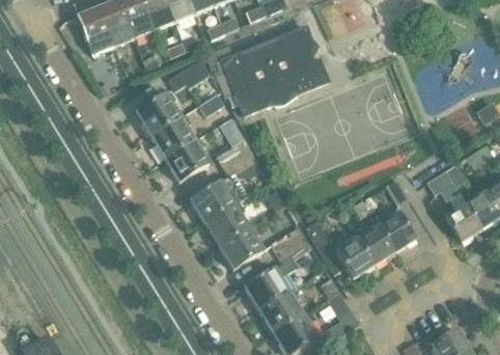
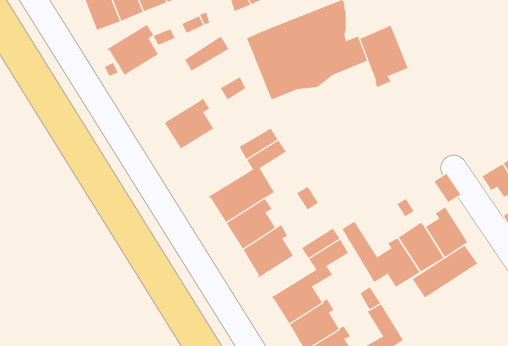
building: none -> [359,25,408,88]
building: [135,89,180,134] -> [106,24,159,76]
building: [165,135,210,181] -> none
building: none -> [412,245,478,299]

